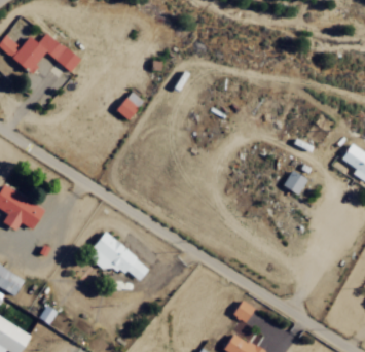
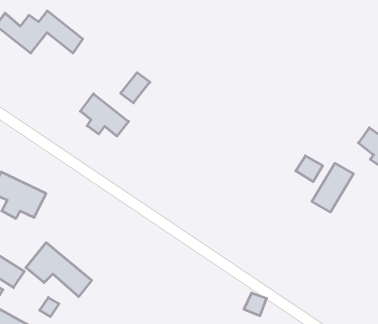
building: none -> [80,94,129,136]
building: none -> [312,163,353,212]
building: [87,232,150,283] -> [26,243,92,297]

